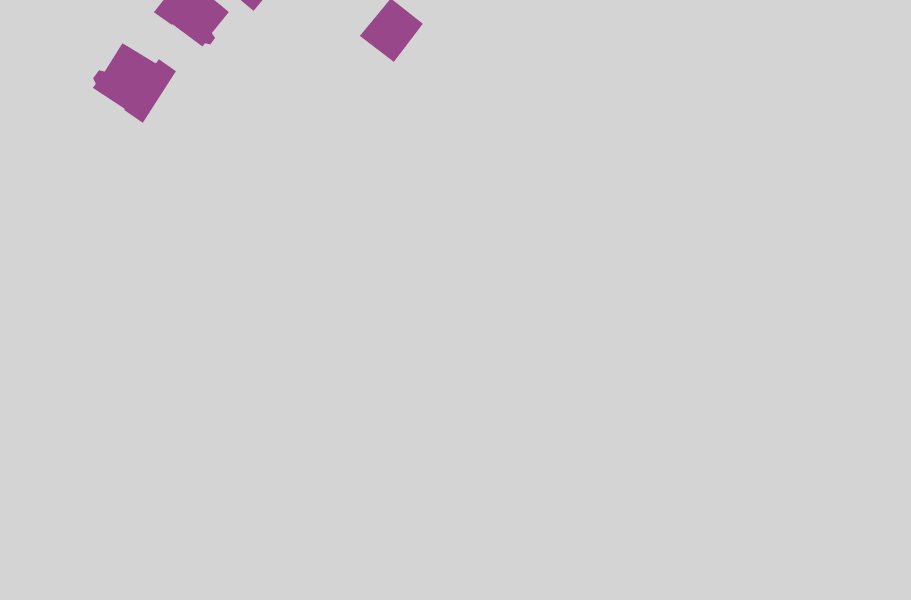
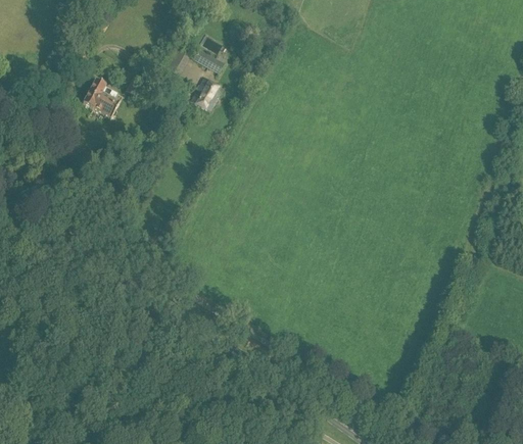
building: [92,43,177,124] -> none

